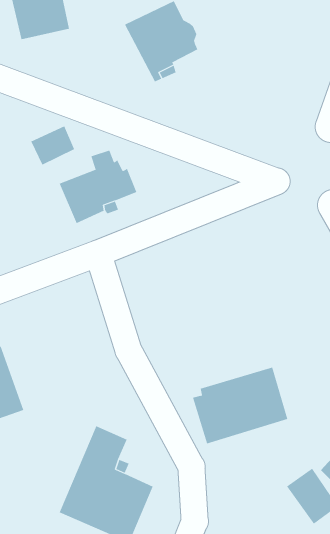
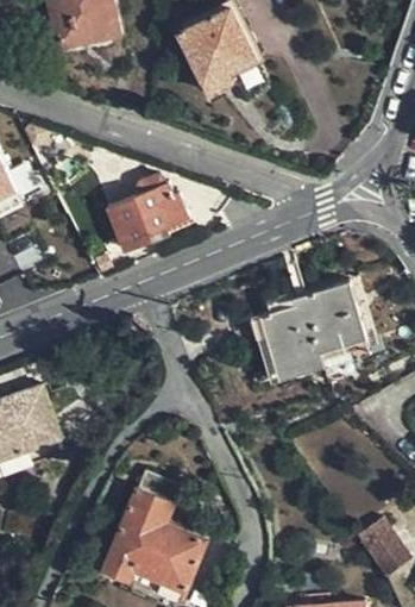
building: [31,125,75,165] -> none
building: [192,367,288,444] -> [259,283,364,368]

